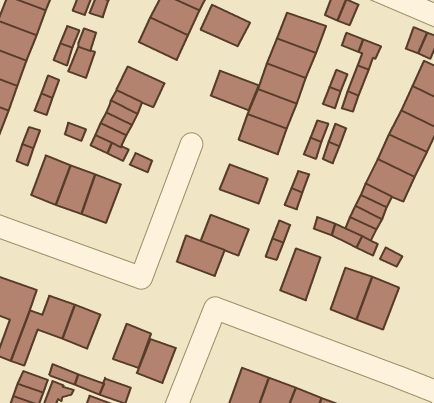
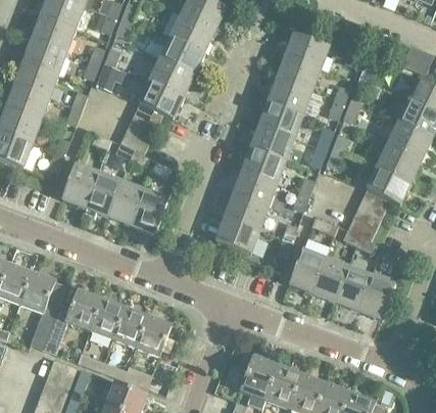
building: [201,5,250,46] -> [149,59,194,97]
building: [211,71,259,110] -> [242,148,286,184]
building: none -> [130,189,167,234]
building: [177,236,225,276] -> [225,193,269,230]
building: none -> [311,256,347,303]
building: [137,339,176,383] -> [112,308,148,348]

